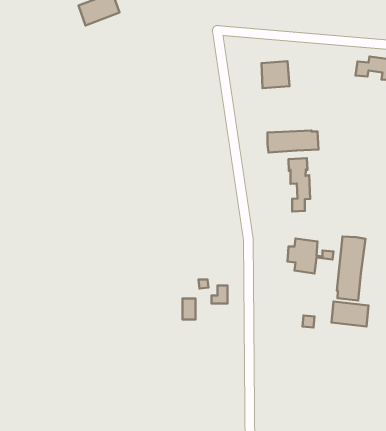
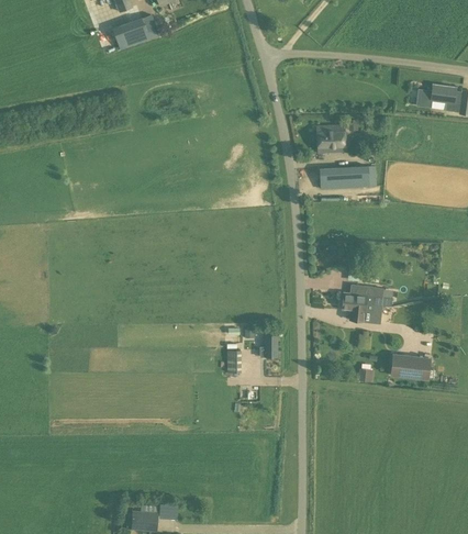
building: [262,61,290,88] -> [314,123,345,153]
building: [289,158,310,212] -> none
building: [337,236,365,300] -> none

